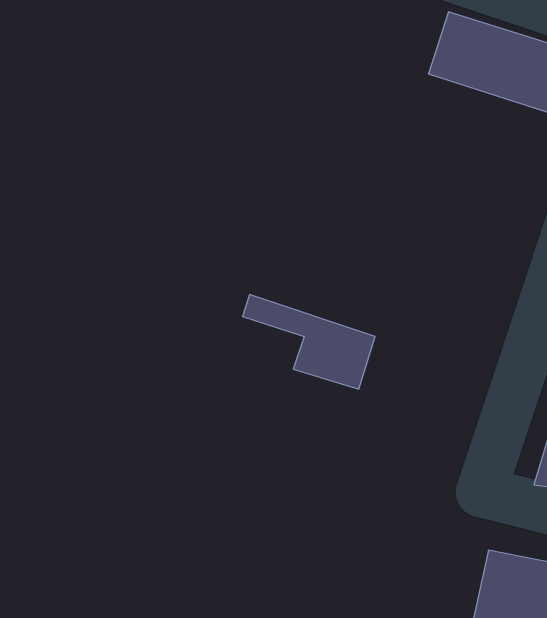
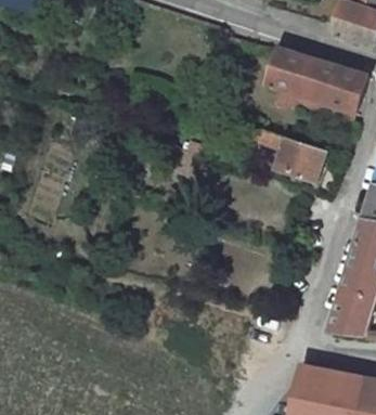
building: [242,295,375,389] -> [244,125,323,181]

